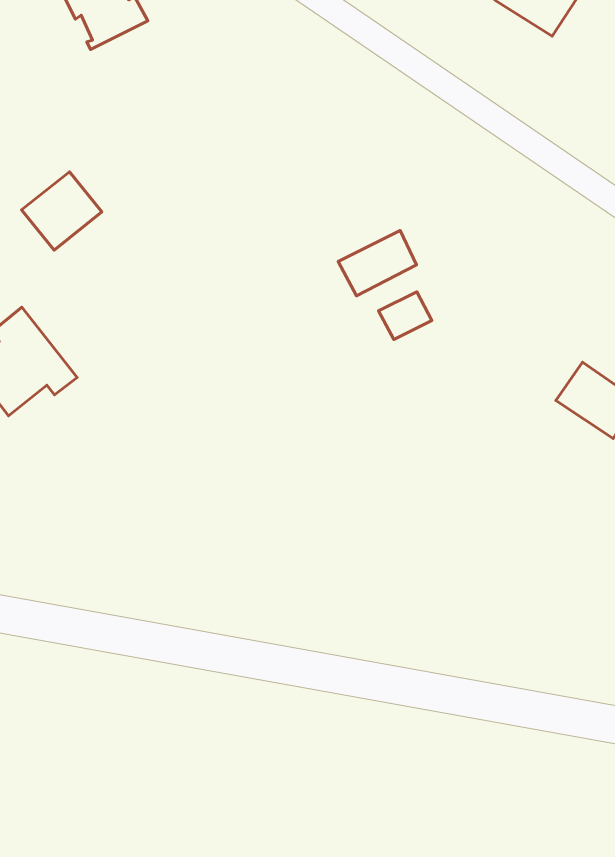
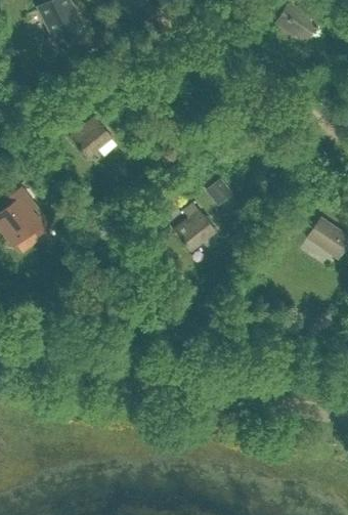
building: [22,172,102,250] -> [70,117,113,159]
building: [338,230,417,296] -> none
building: none -> [174,210,216,252]

